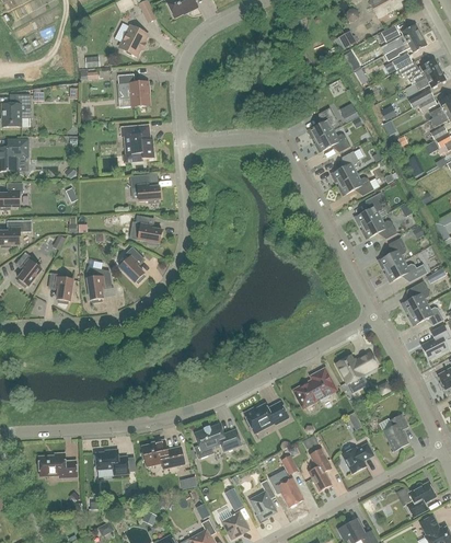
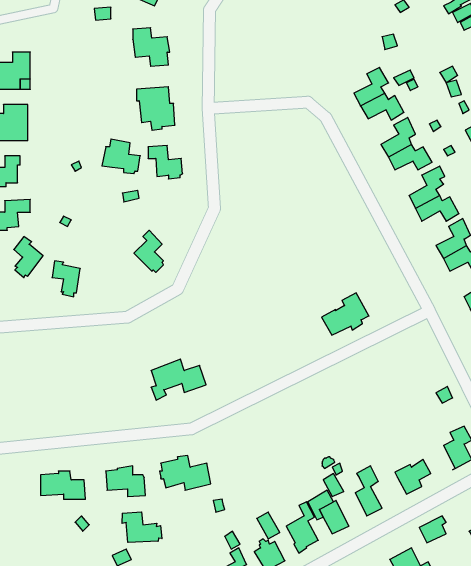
building: [129,215,162,244] -> [102,139,140,174]
building: [85,266,112,302] -> none
building: [336,351,377,383] -> none
building: [294,369,335,405] -> [322,293,369,335]
building: [244,401,289,428] -> none
building: [195,423,242,458] -> [151,359,206,400]
building: none -> [122,512,162,542]

